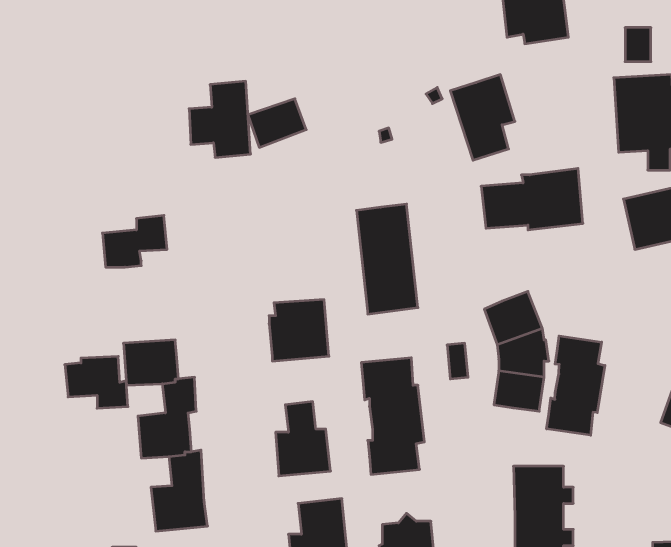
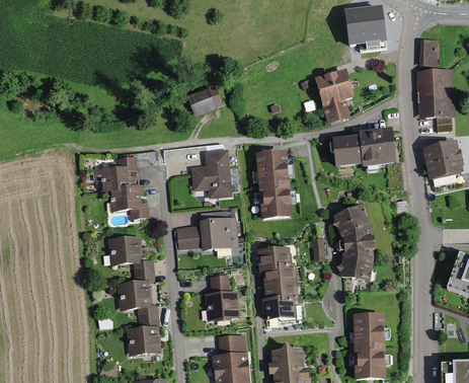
building: [189,81,251,157] -> [193,150,232,198]
building: none -> [178,226,203,248]
building: [547,336,605,435] -> none
building: [65,356,128,408] -> [110,185,150,218]

